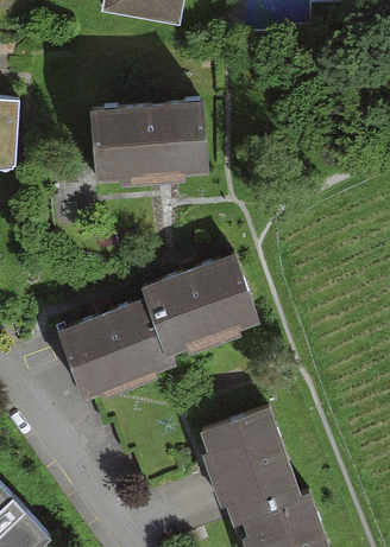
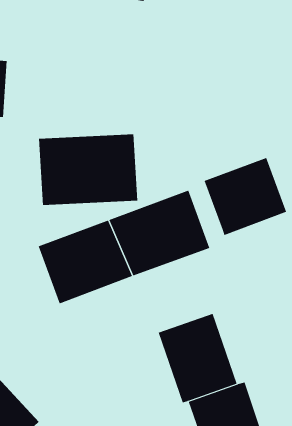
building: [86,94,208,182] -> [38,134,138,206]
building: none -> [204,157,287,236]

